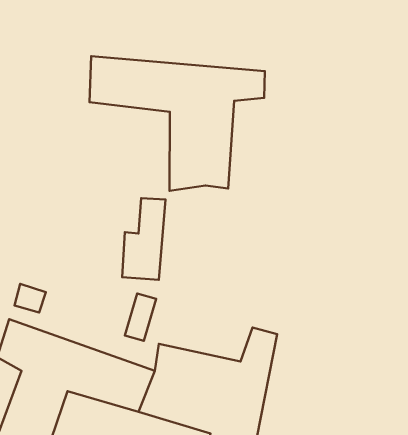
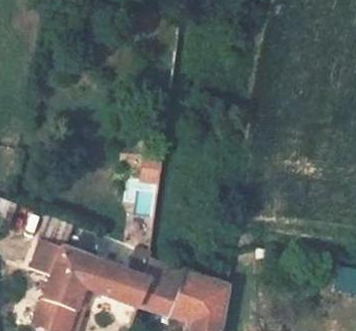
building: [90,56,265,191] -> none

